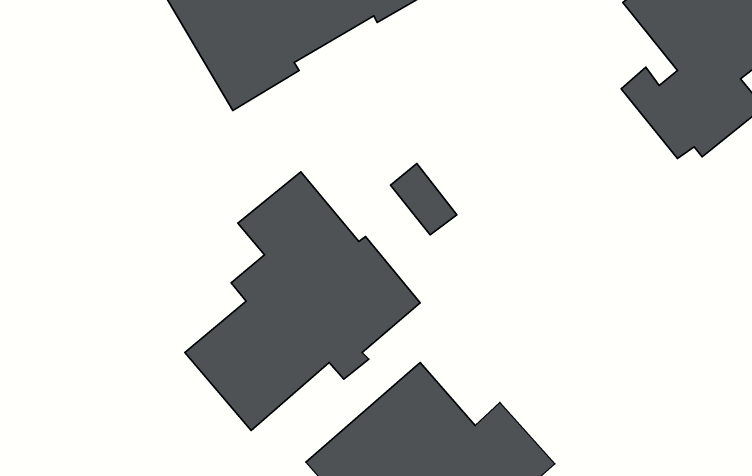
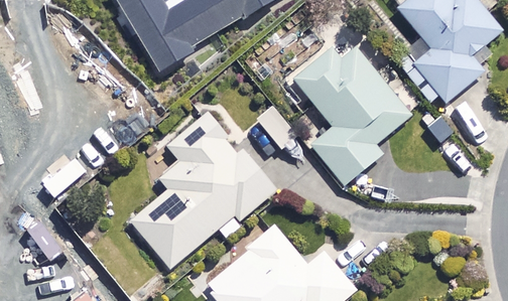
building: none -> [294,38,409,184]

